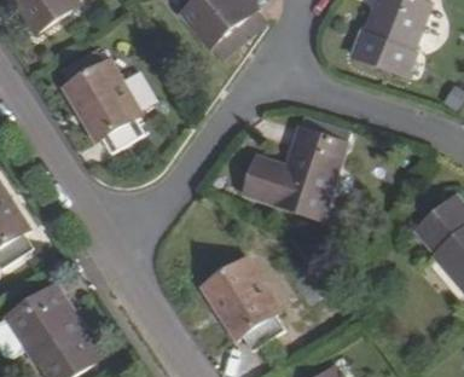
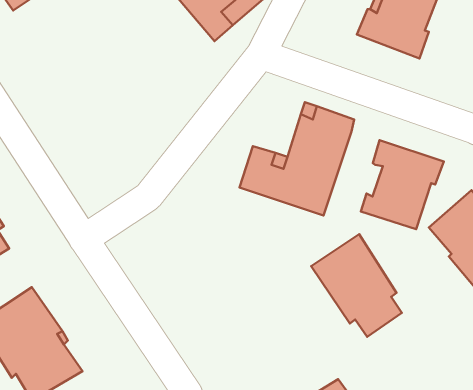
building: [60,47,144,152] -> none
building: none -> [361,140,444,229]
building: [201,256,283,349] -> [311,234,402,337]

